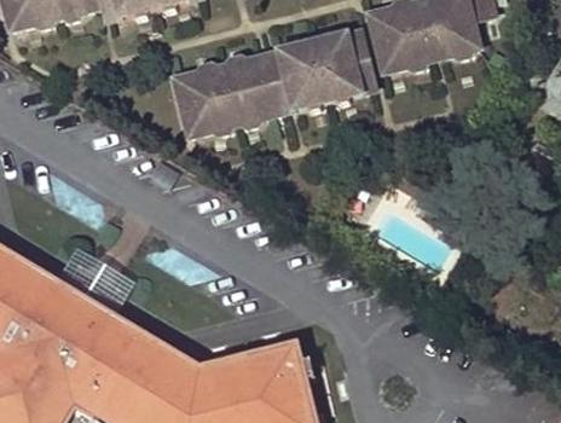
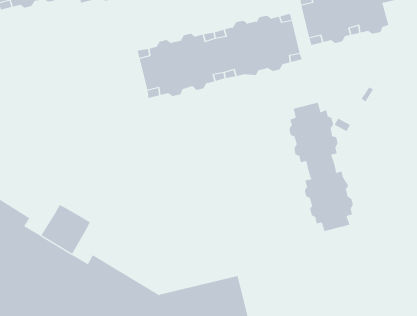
building: none -> [289,102,354,232]

